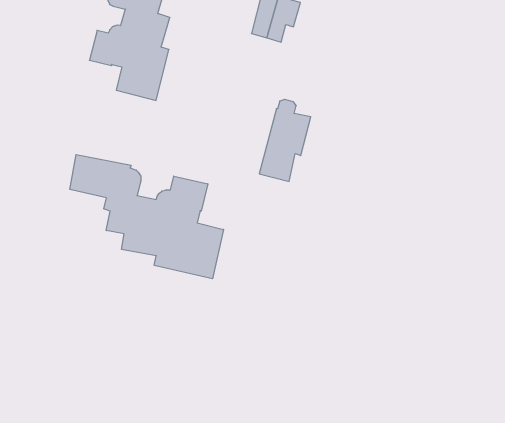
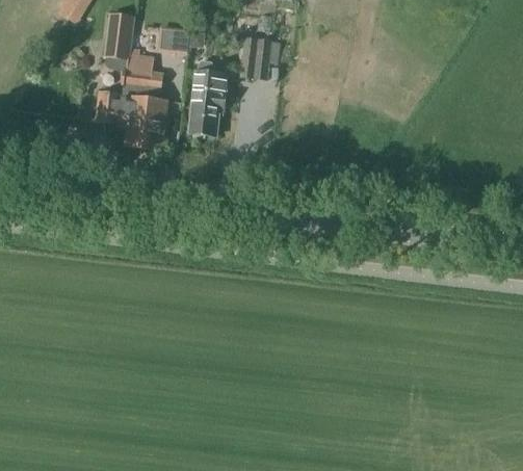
building: [259,99,311,181] -> [188,61,228,135]
building: [70,155,224,279] -> none

